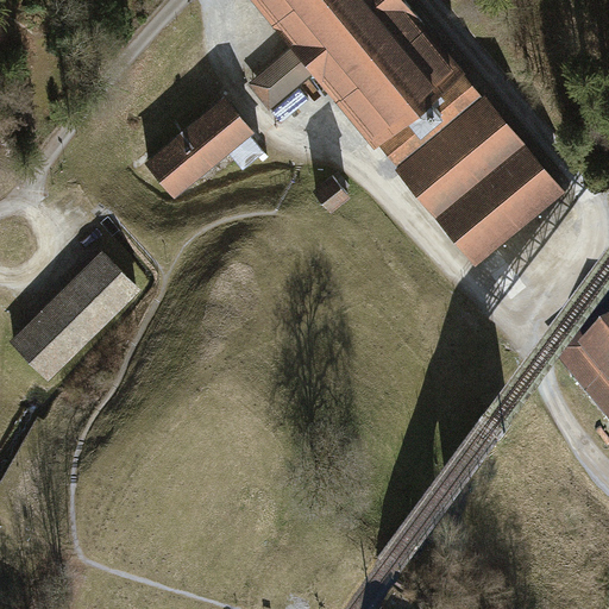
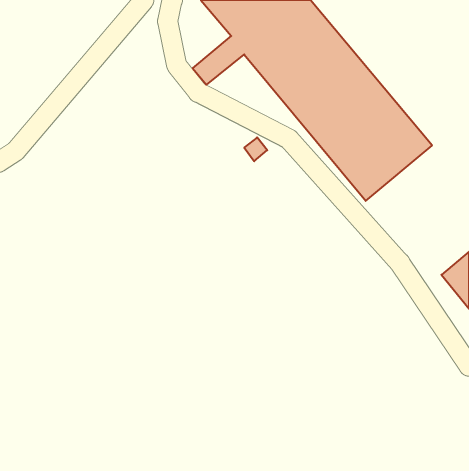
building: [147,101,251,197] -> none
building: [11,255,132,375] -> none

